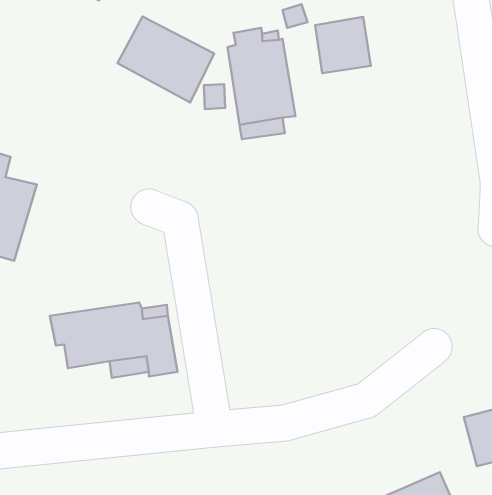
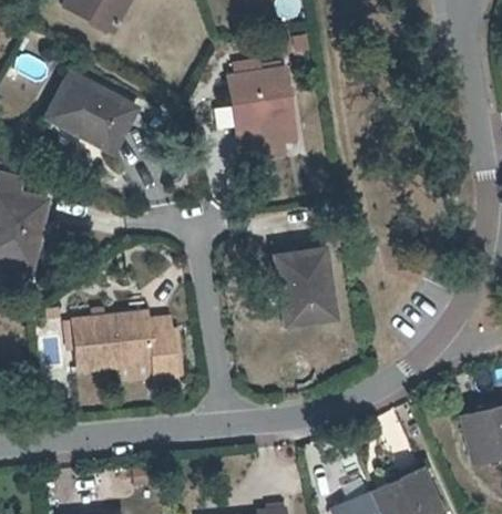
building: [117,16,214,102] -> [47,72,136,152]
building: [315,17,371,73] -> none
building: none -> [273,247,335,326]

